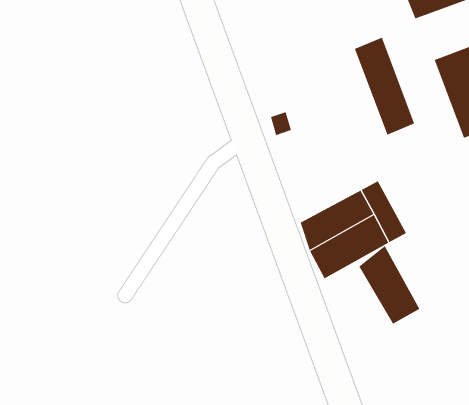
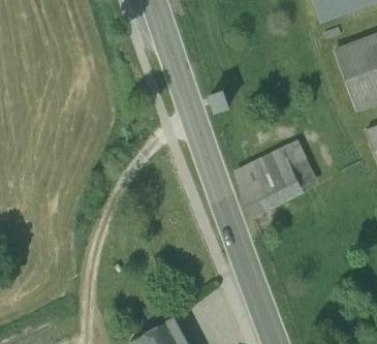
building: [354,37,415,136] -> none
building: [359,245,420,325] -> none

